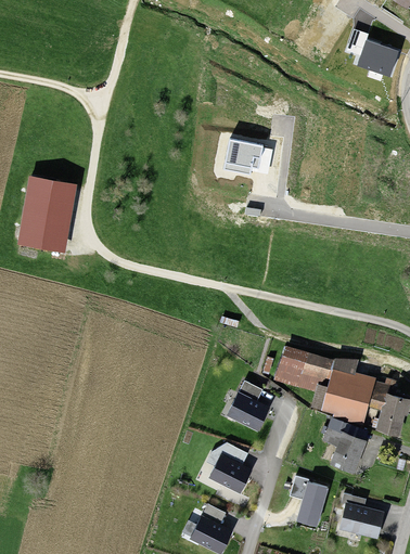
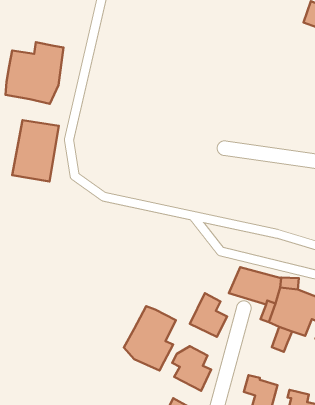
building: none -> [6,42,64,104]
building: [226,138,262,171] -> none
building: none -> [124,306,176,371]
building: [330,436,362,473] -> none

